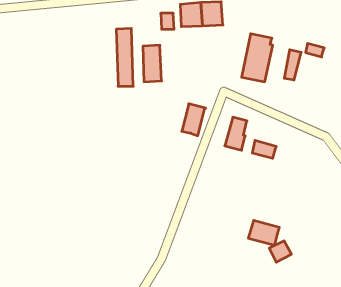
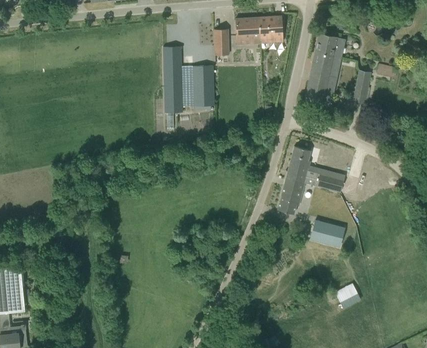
building: none -> [314,33,345,57]
building: [182,104,206,136] -> [277,178,304,214]
building: [248,220,279,245] -> [309,219,344,247]

